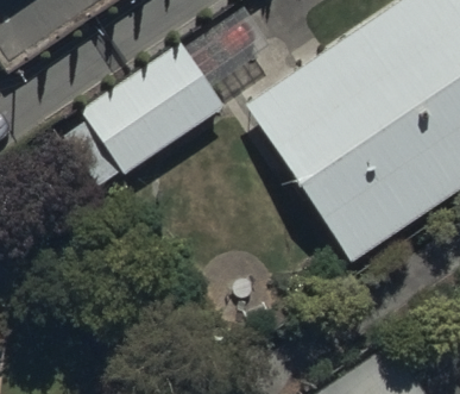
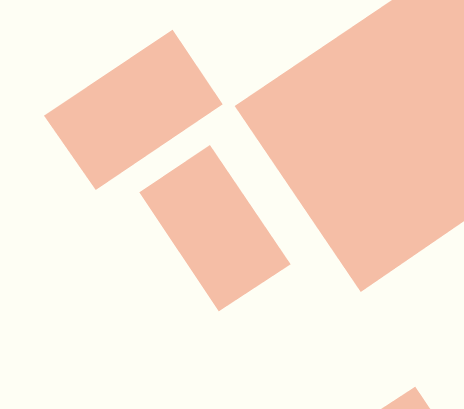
building: none -> [138,144,292,313]

